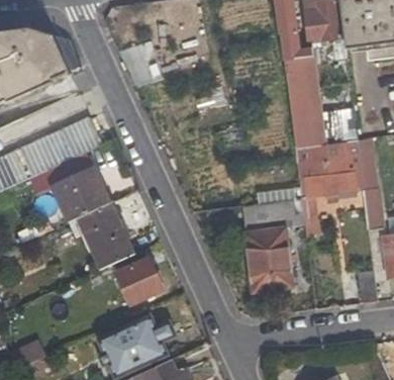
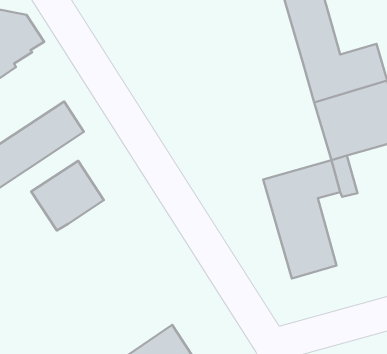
building: [77,203,132,270] -> none
building: [115,258,163,304] -> none

